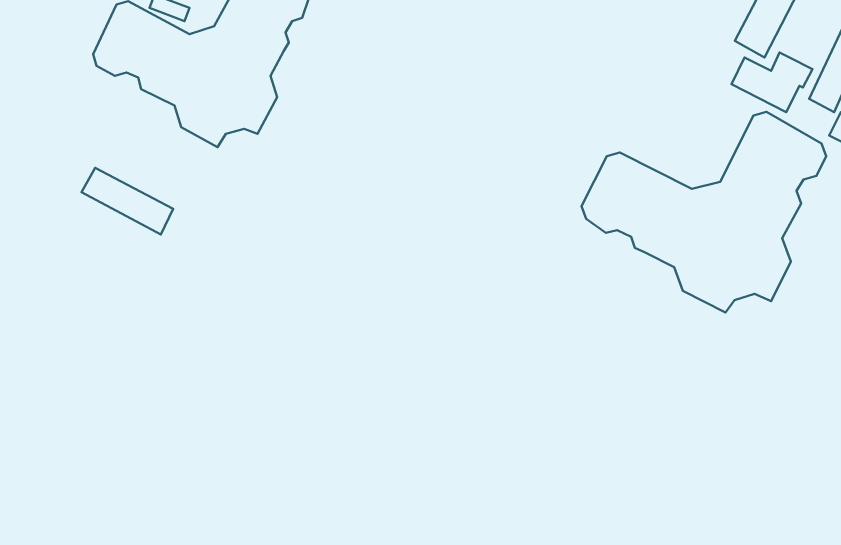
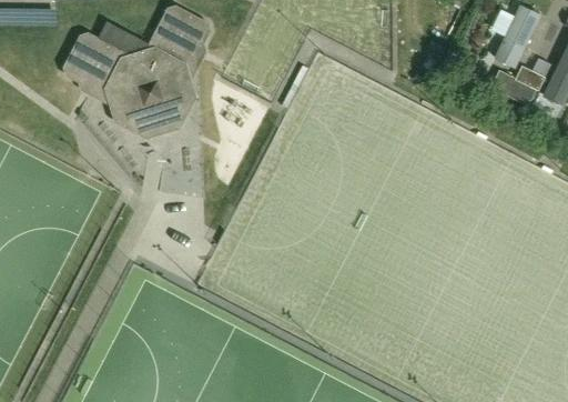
building: [581,112,826,312] -> none
building: [82,168,173,234] -> none

